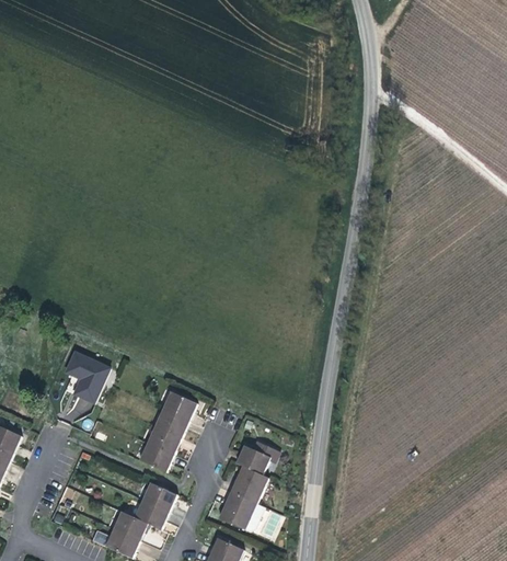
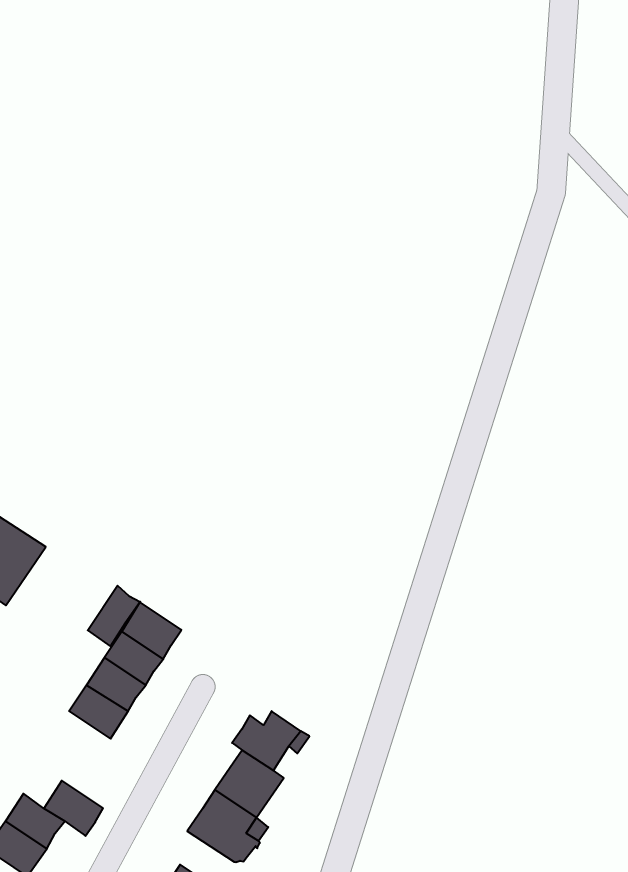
building: none -> [88,586,140,646]
building: [141,482,175,512] -> none

